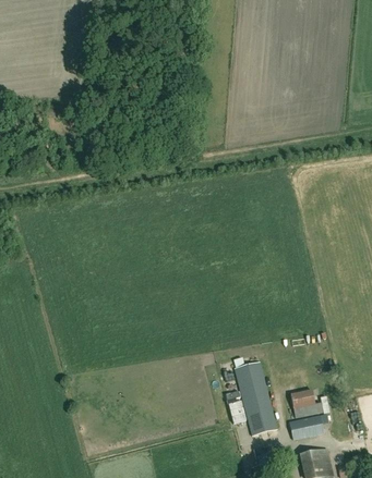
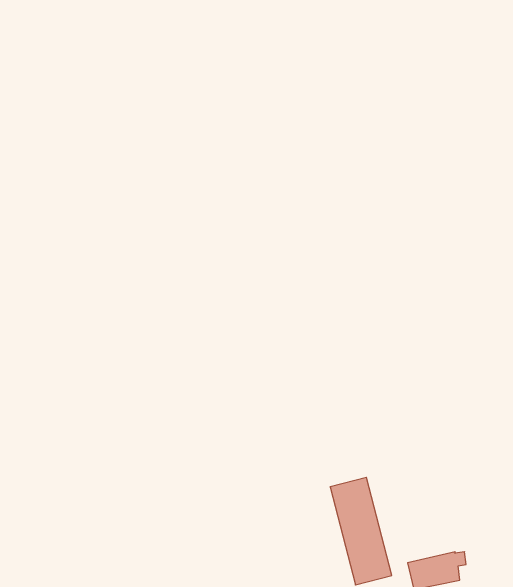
building: [290,388,323,417] -> none

